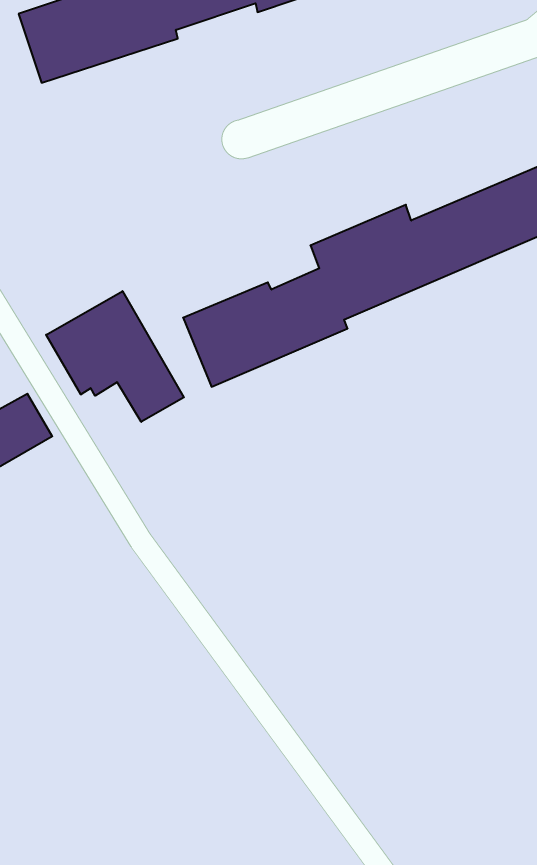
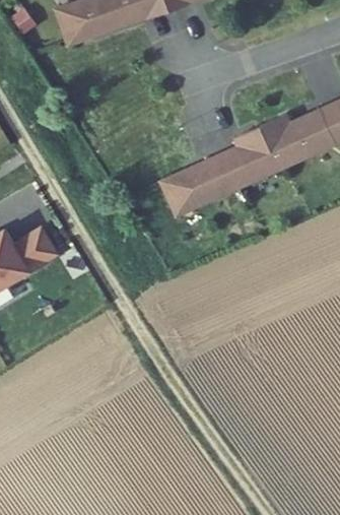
building: [46,291,184,422] -> none

